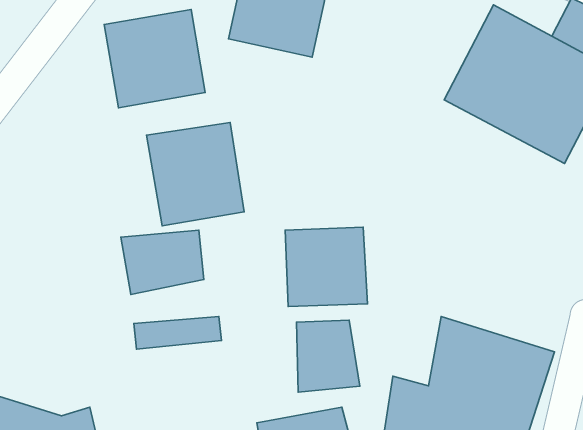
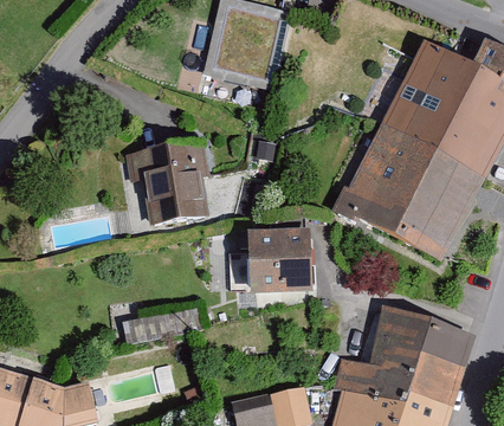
building: [104,9,205,108] -> none
building: none -> [340,123,484,259]
building: [121,230,204,295] -> none
building: [297,320,360,392] -> none

